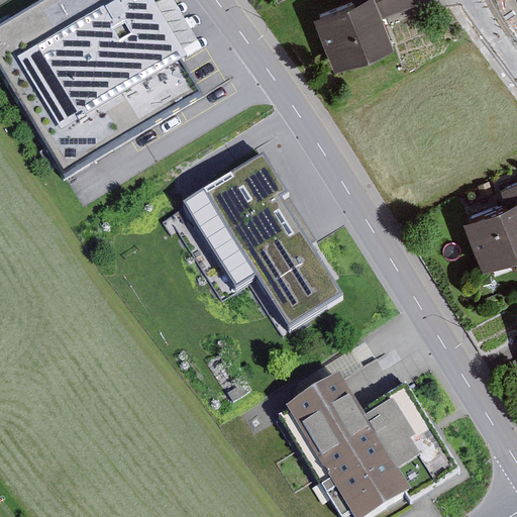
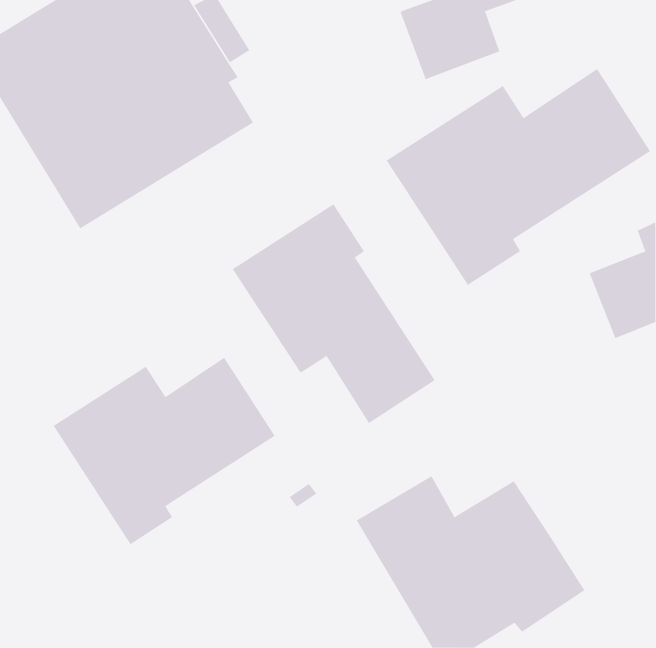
building: none -> [386,68,651,286]
building: none -> [53,357,275,545]

